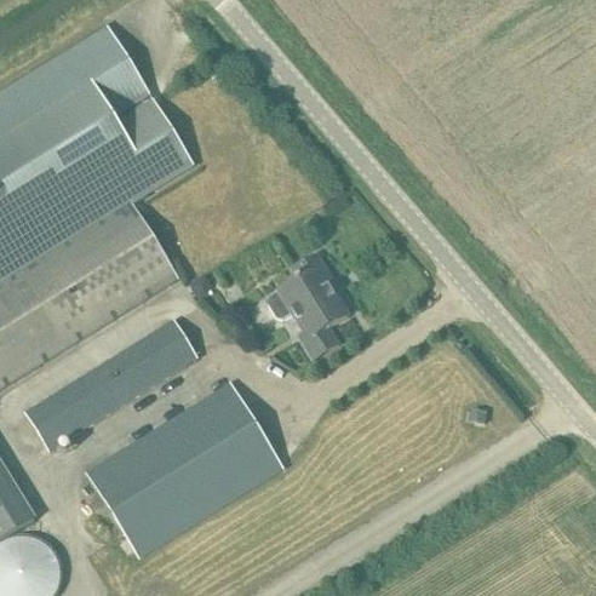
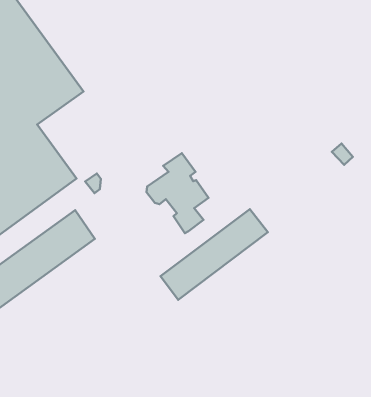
building: none -> [160,209,268,300]
building: [87,383,282,556] -> none

